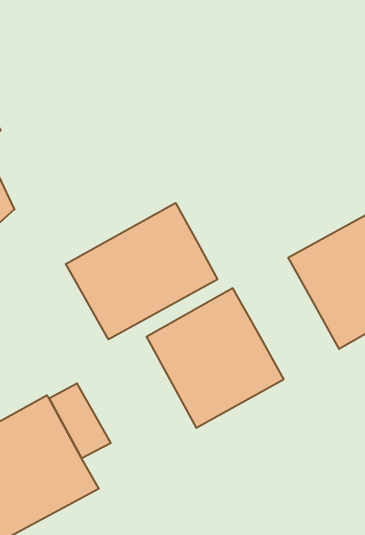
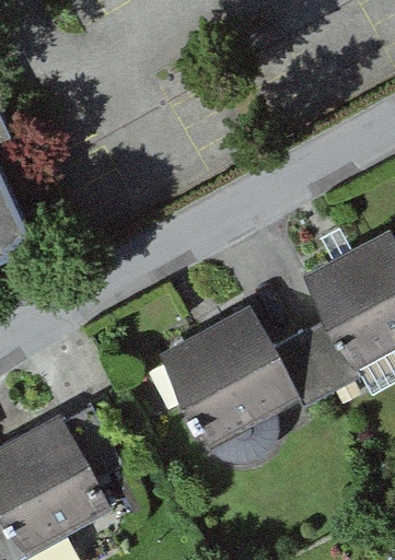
building: [66,203,217,339] -> none
building: none -> [271,320,359,408]

